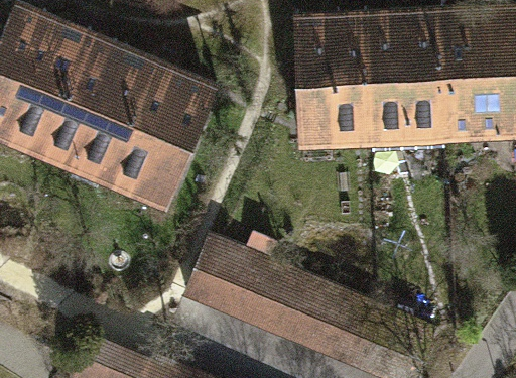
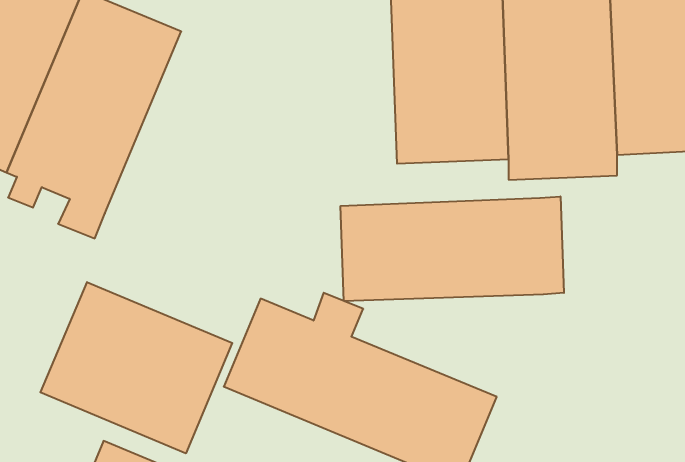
building: [100,44,221,212] -> none
building: none -> [341,196,564,301]
building: none -> [40,282,232,453]

